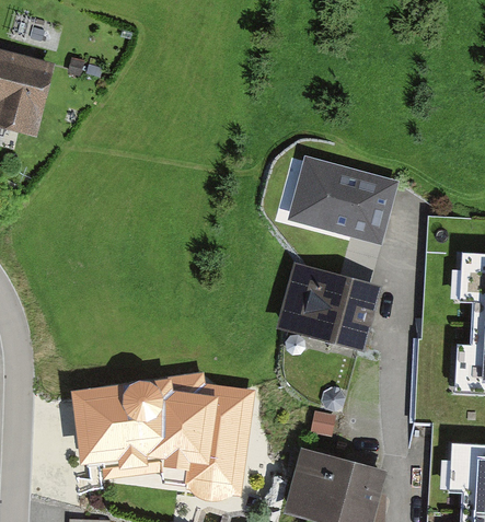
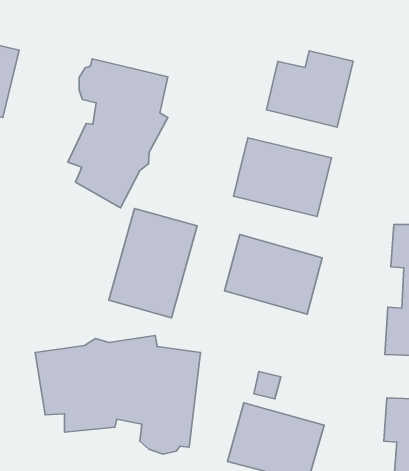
building: none -> [266,51,353,127]
building: none -> [68,59,168,208]
building: none -> [109,208,197,318]

